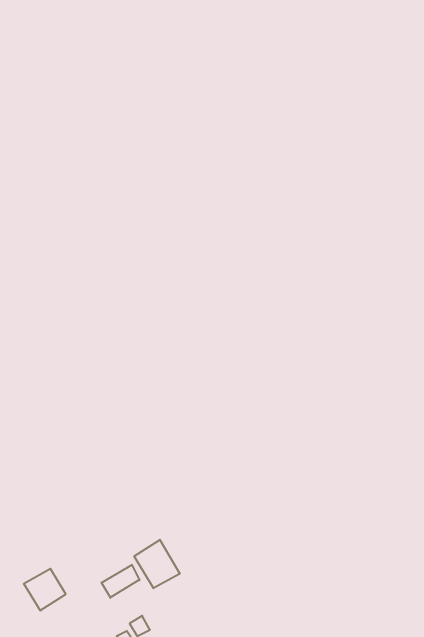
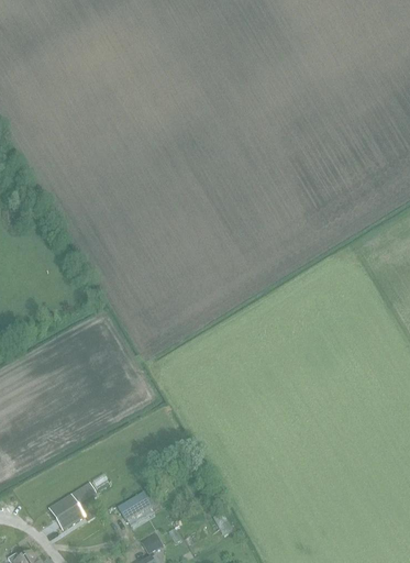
building: [134,540,180,588] -> none

